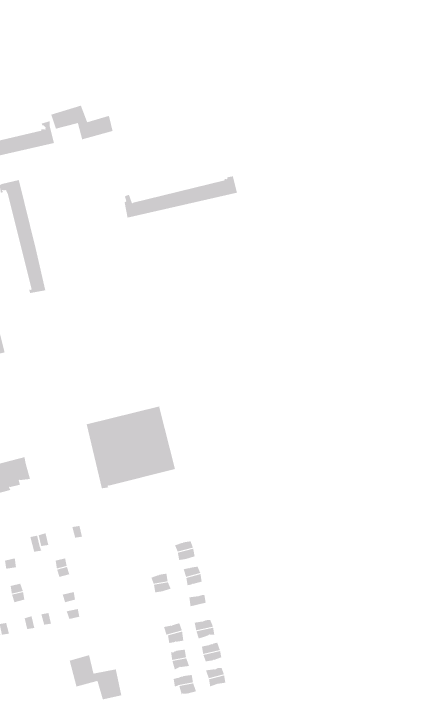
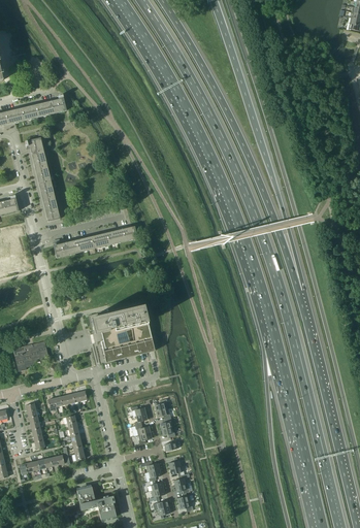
building: [50,105,113,140] -> none
building: [124,176,238,218] -> [54,226,137,257]

